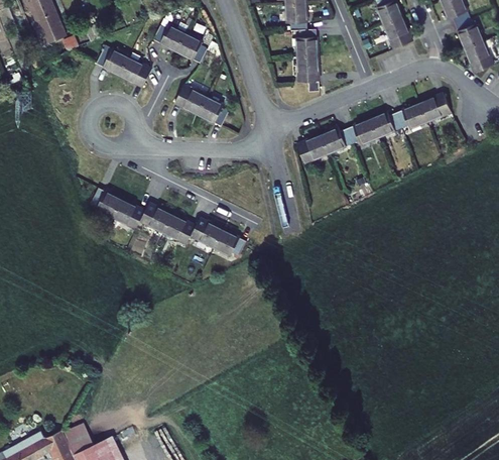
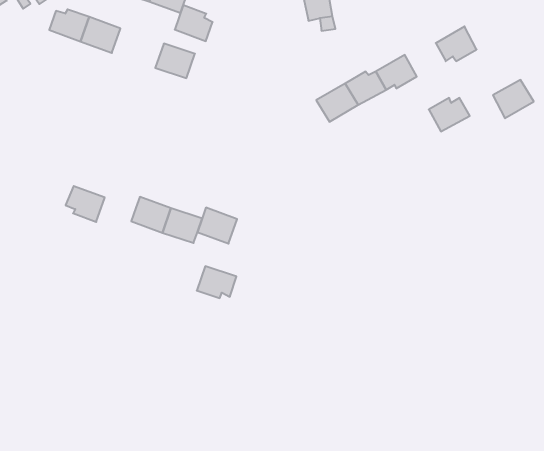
building: [419,94,451,122] -> [493,80,534,118]
building: [198,97,228,127] -> [175,5,213,41]
building: [370,112,401,137] -> [429,98,470,131]
building: [113,200,145,229] -> none
building: [214,230,246,256] -> [197,266,236,298]

